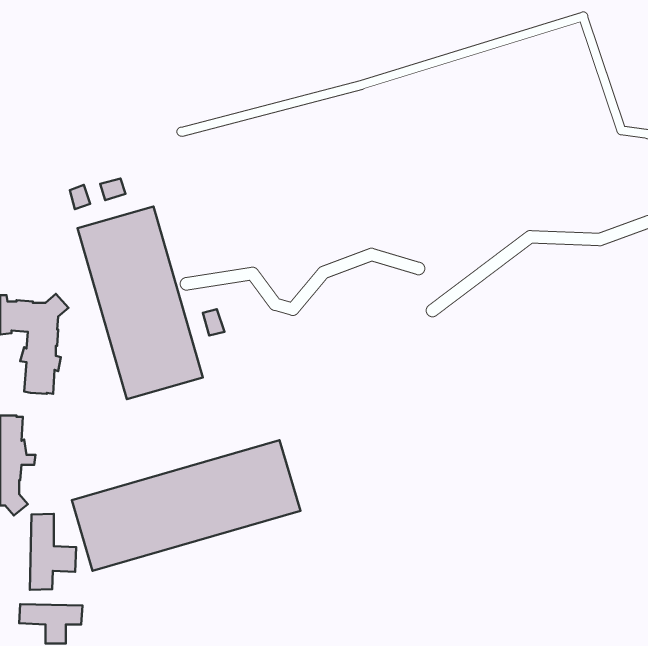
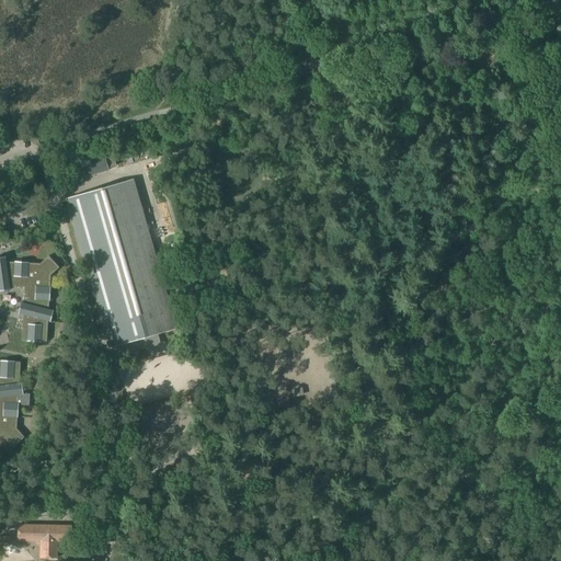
building: [72,440,300,571] -> none
building: [30,514,76,590] -> none

